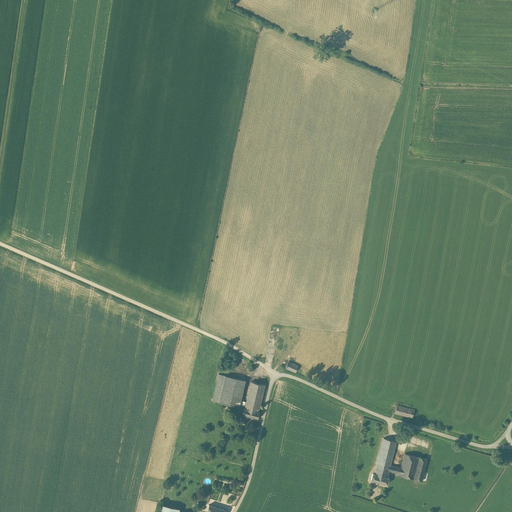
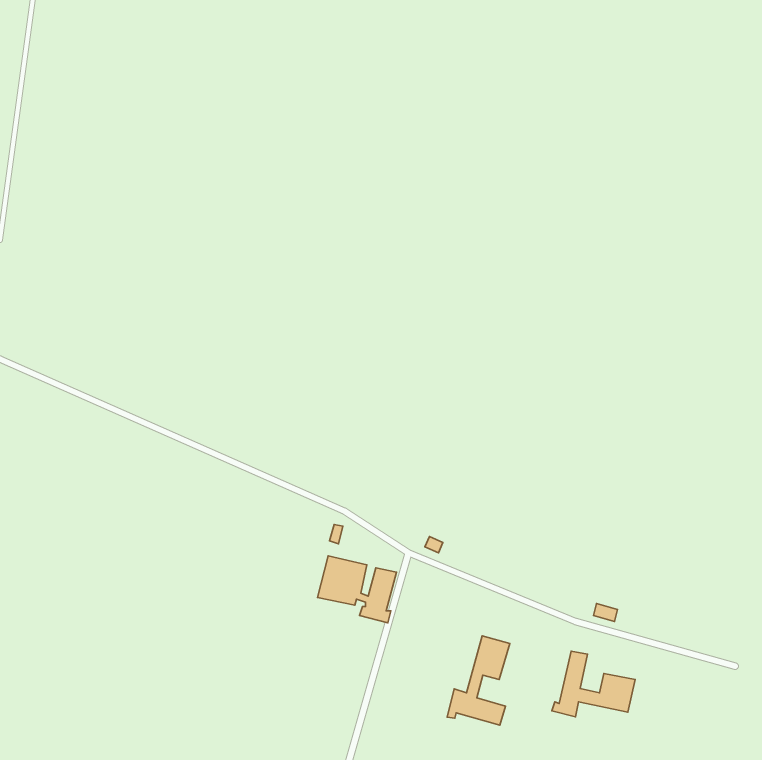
building: none -> [447,636,510,725]

